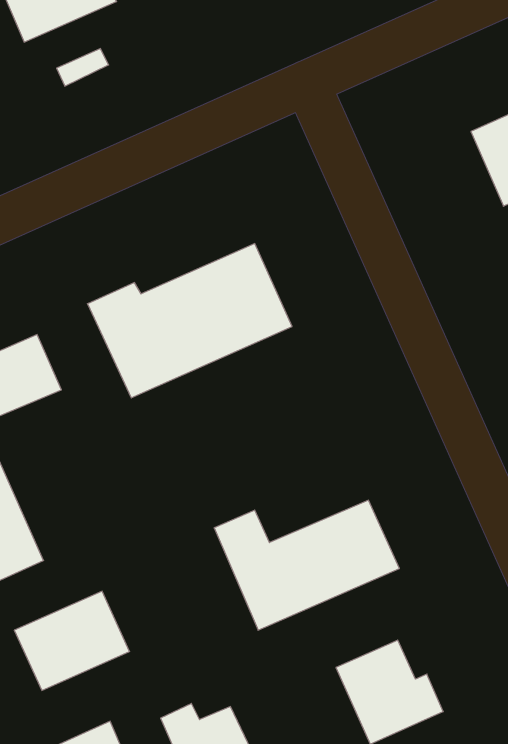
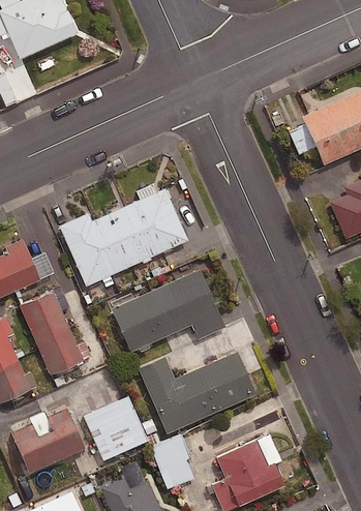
building: none -> [111,270,218,352]
building: none -> [20,290,84,375]
building: none -> [84,396,148,460]
building: none -> [151,435,194,489]

